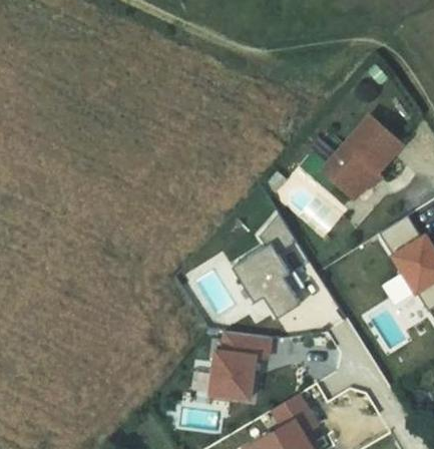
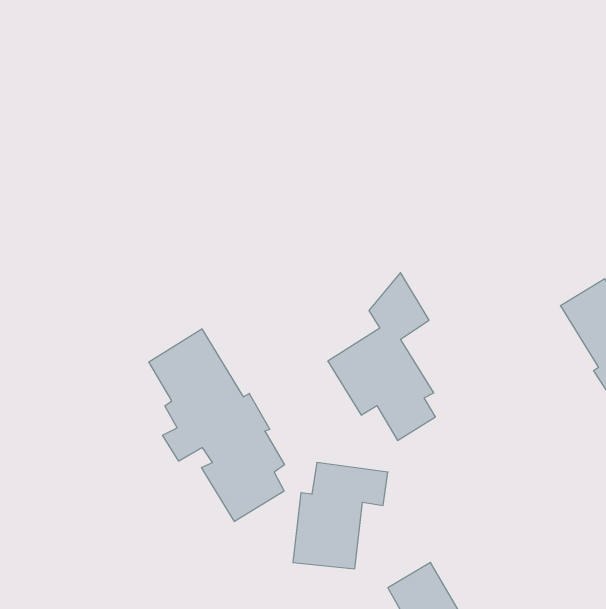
building: [322,116,402,199] -> none
building: none -> [149,329,285,521]

